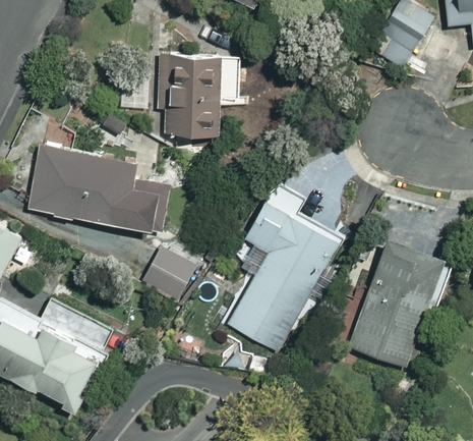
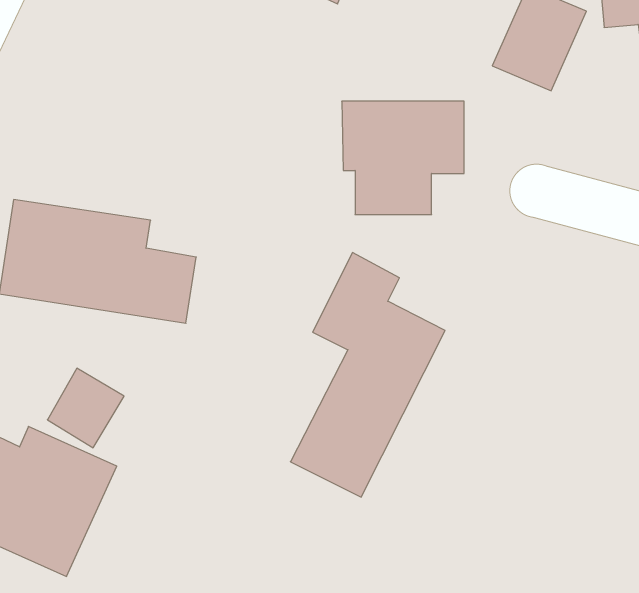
building: [156,56,240,134] -> [342,101,464,215]
building: [350,242,441,368] -> none
building: [141,249,194,304] -> [47,368,124,448]

